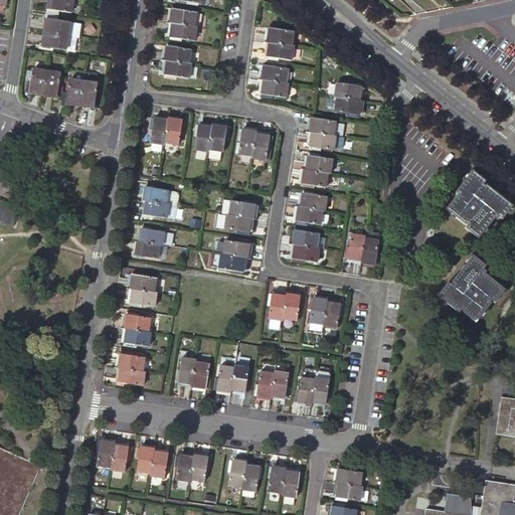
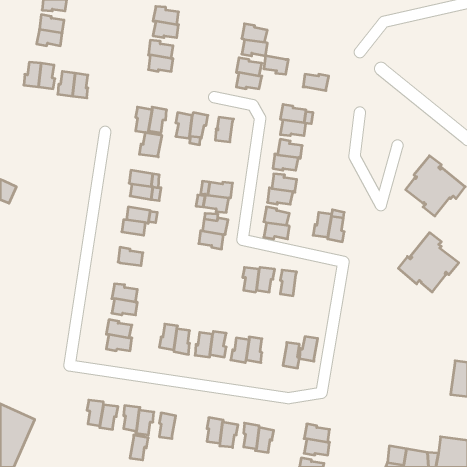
building: [335,96,362,116] -> [264,56,288,74]
building: [252,134,273,161] -> none
building: none -> [139,132,162,157]
building: [130,289,158,307] -> none
building: [323,302,343,329] -> none
building: [296,377,316,404] -> [299,337,318,361]
building: [190,454,210,481] -> [130,435,148,460]

